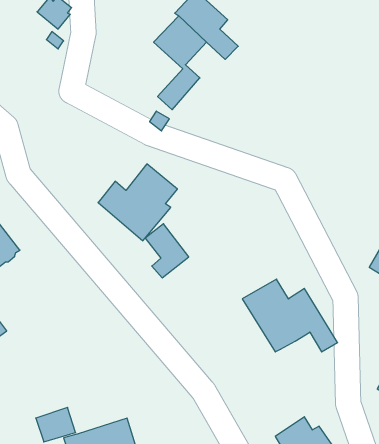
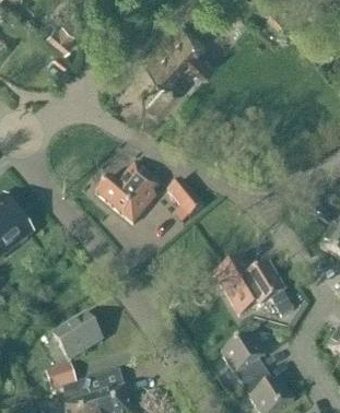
building: [145,224,189,278] -> [167,178,203,223]
building: none -> [54,314,103,361]
building: none -> [220,334,267,387]

